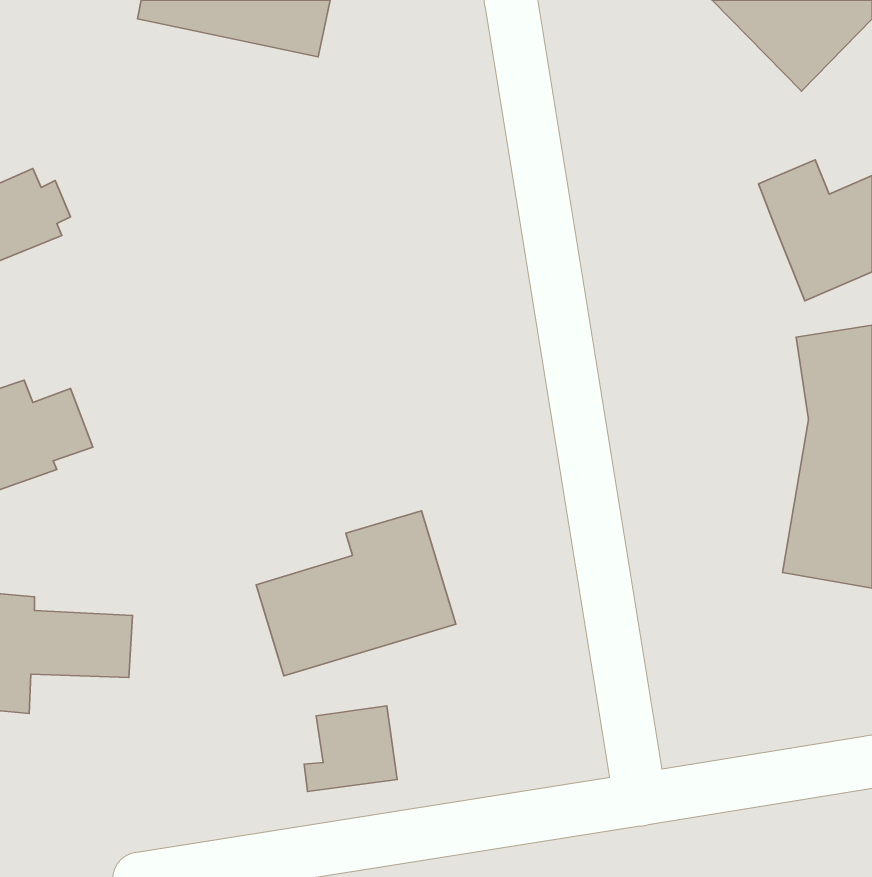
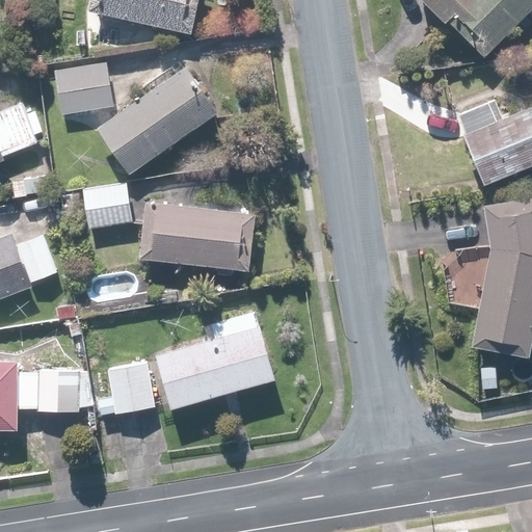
building: none -> [52,59,113,115]
building: none -> [97,64,220,176]
building: none -> [81,182,133,228]
building: none -> [150,203,258,270]
building: [304,706,397,792] -> [98,363,154,415]

